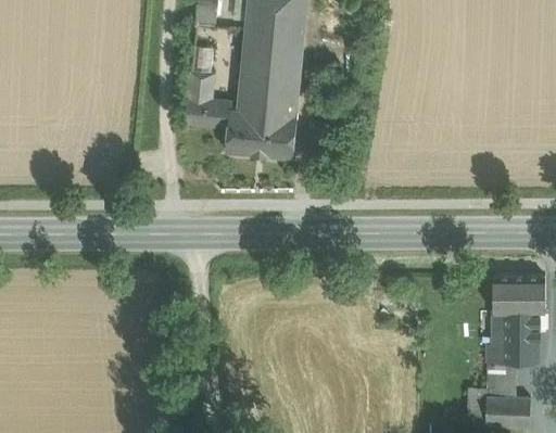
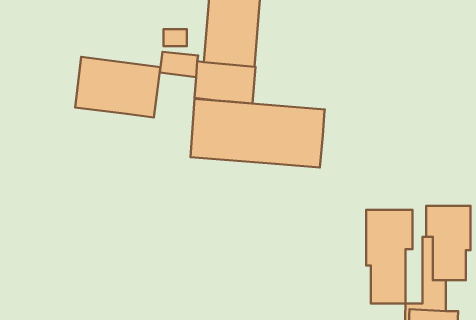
building: none -> [75,57,160,118]
building: none -> [191,99,325,168]
building: none -> [366,210,413,304]

